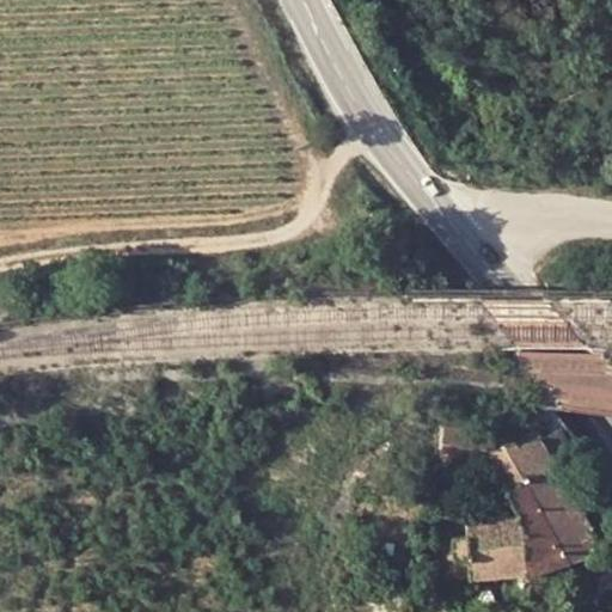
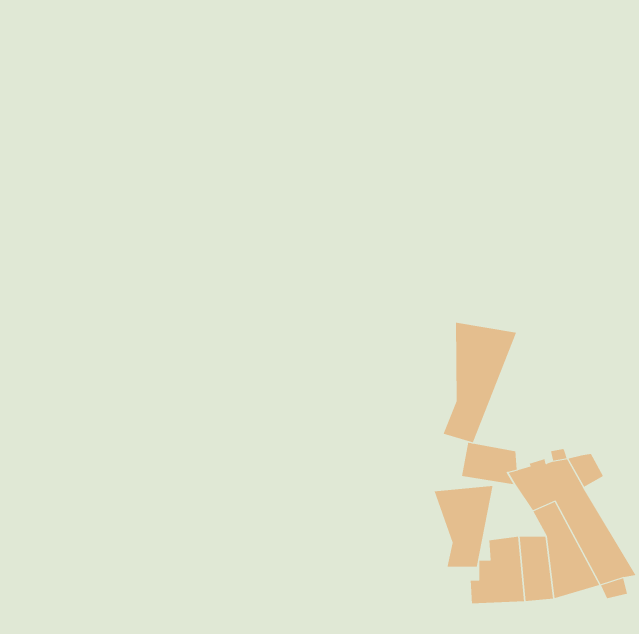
building: none -> [443,322,517,443]
building: none -> [434,485,493,567]

